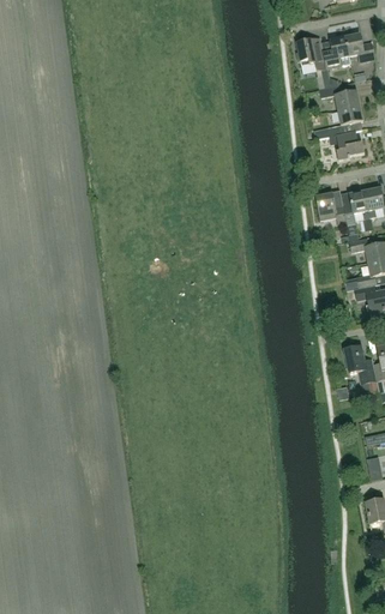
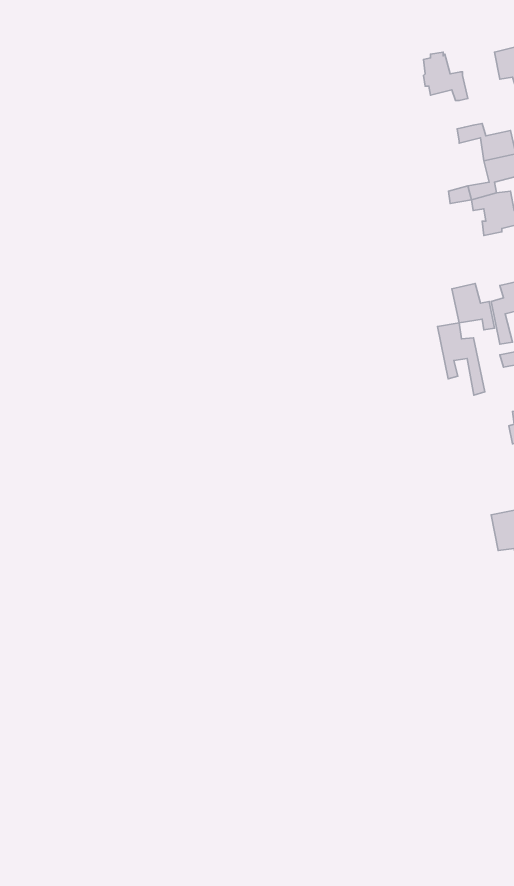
building: [324,36,351,67] -> none
building: none -> [438,323,485,395]

